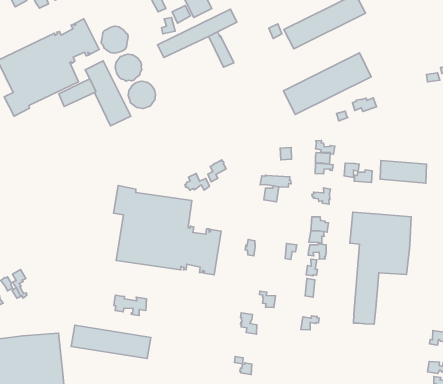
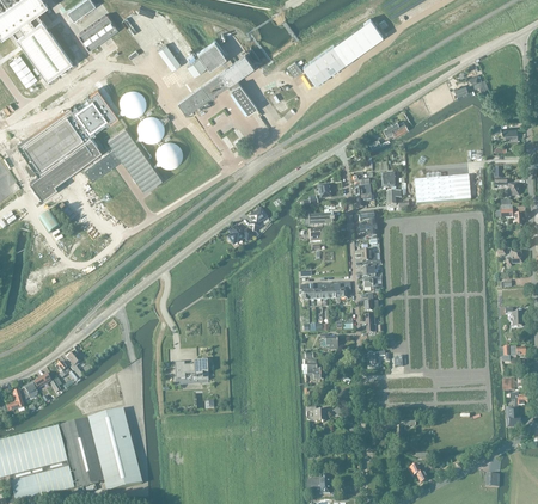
building: [284,53,371,115] -> none
building: [113,186,221,275] -> none
building: [350,212,411,324] -> none
building: [71,325,151,358] -> none

